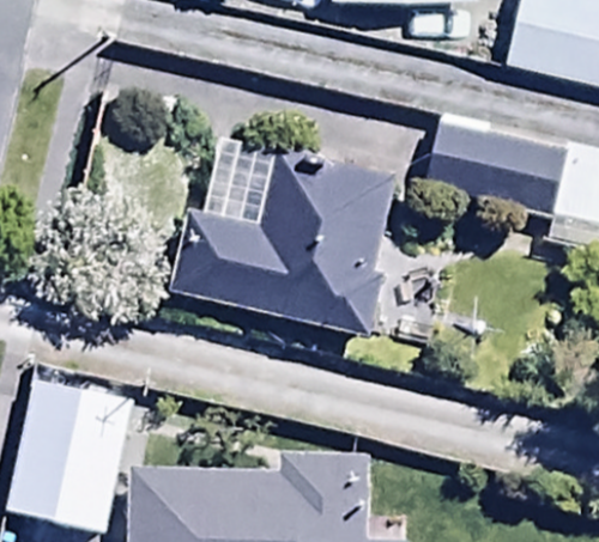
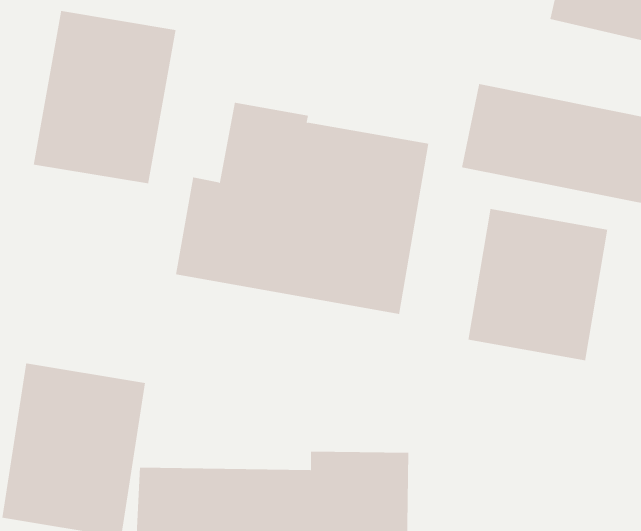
building: none -> [33,10,176,184]
building: none -> [468,208,608,361]

